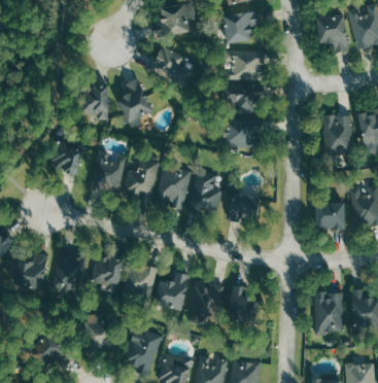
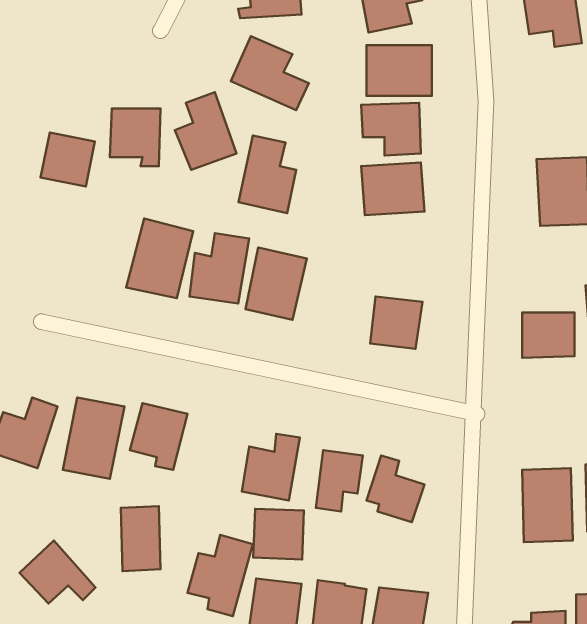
building: [51,144,82,175] -> [41,132,95,187]
building: [190,172,222,216] -> [238,135,296,213]
building: [127,268,156,297] -> [253,509,304,559]

